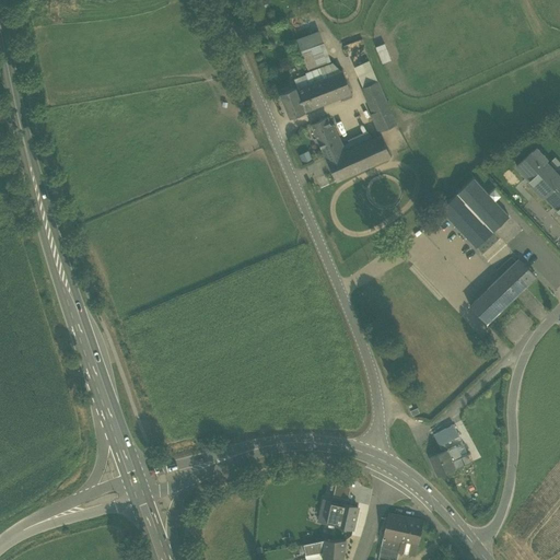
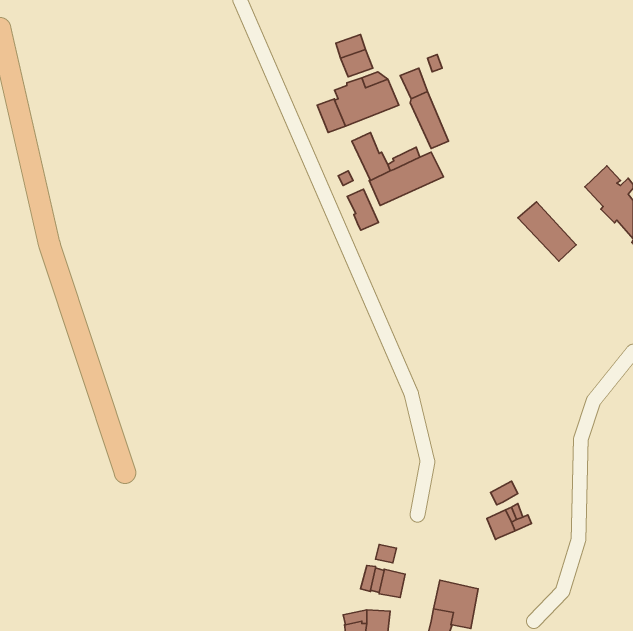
building: none -> [347,189,379,230]
building: [441,194,493,248] -> none
building: [469,260,536,326] -> none

